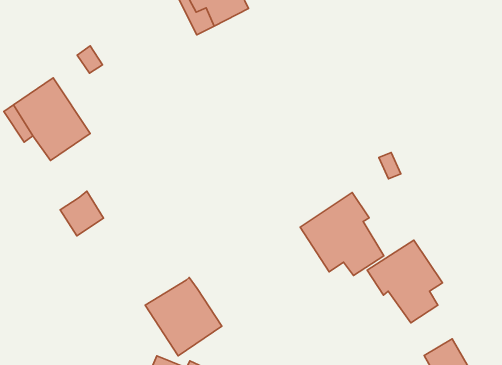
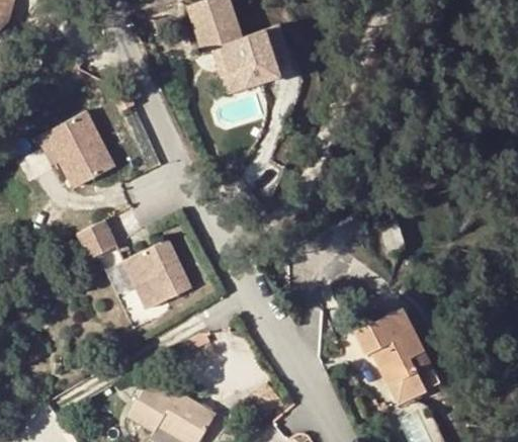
building: [300,192,384,276] -> none
building: [145,278,222,356] -> [122,241,191,313]
building: none -> [391,352,440,405]

